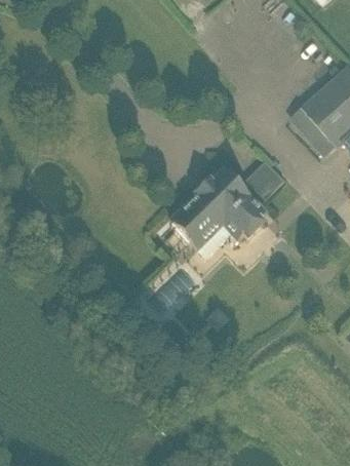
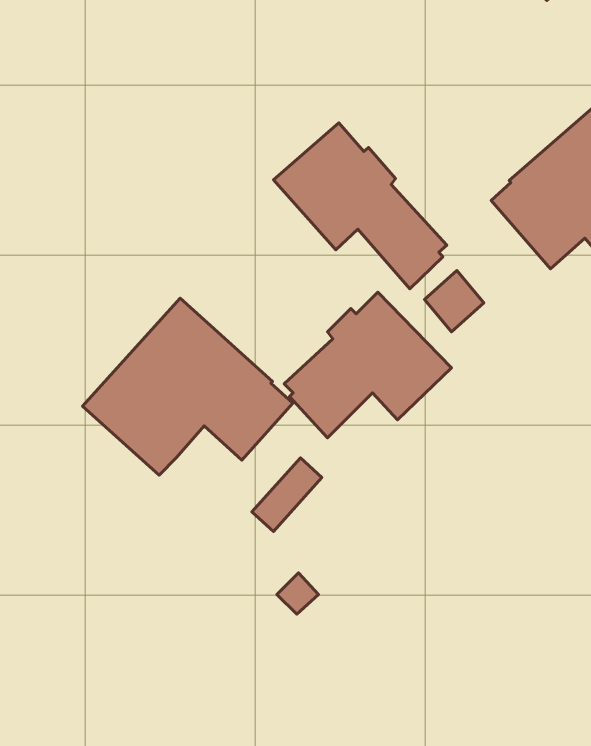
building: none -> [274,123,447,289]
building: none -> [83,298,293,475]

